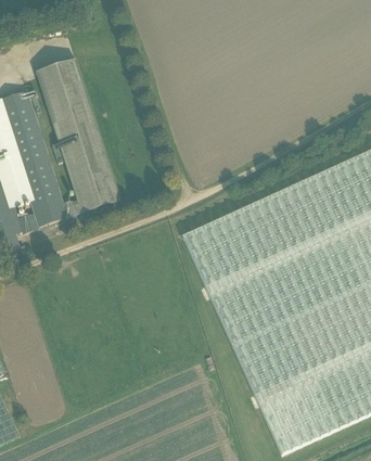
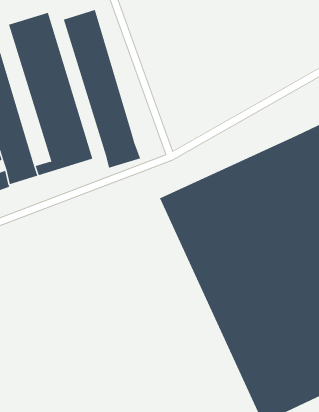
building: none -> [63,9,141,169]

